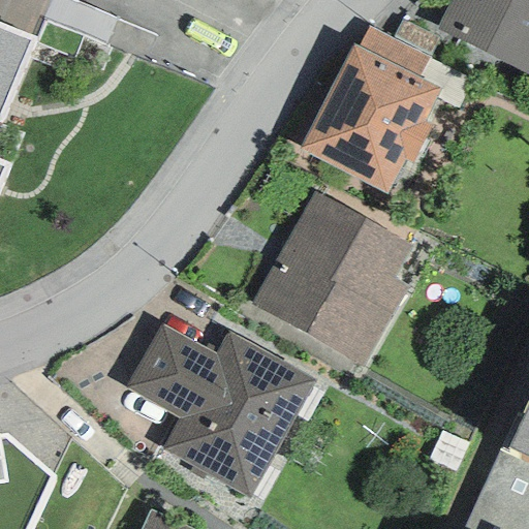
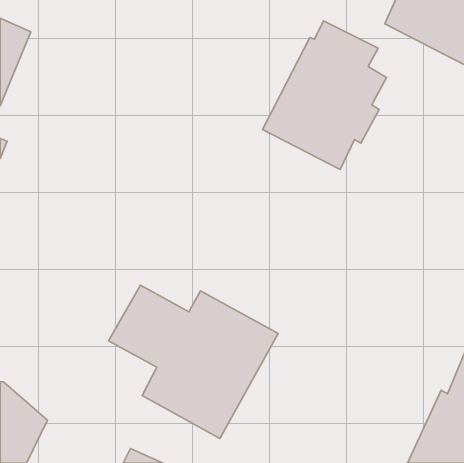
building: [250,190,409,366] -> none

